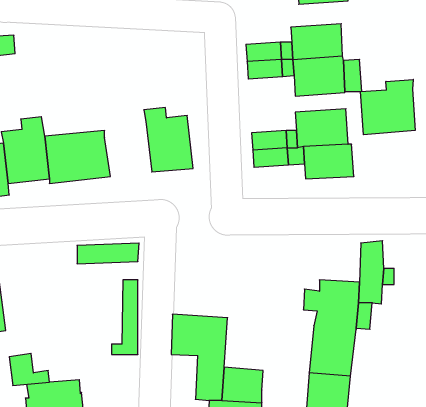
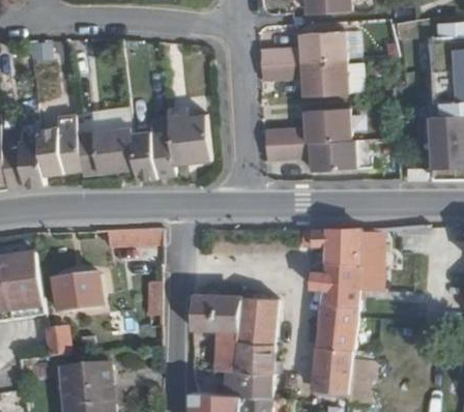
building: [360,79,415,135] -> none
building: none -> [130,118,174,179]
building: none -> [310,228,361,263]
building: none -> [53,273,105,312]
building: none -> [238,295,277,343]

